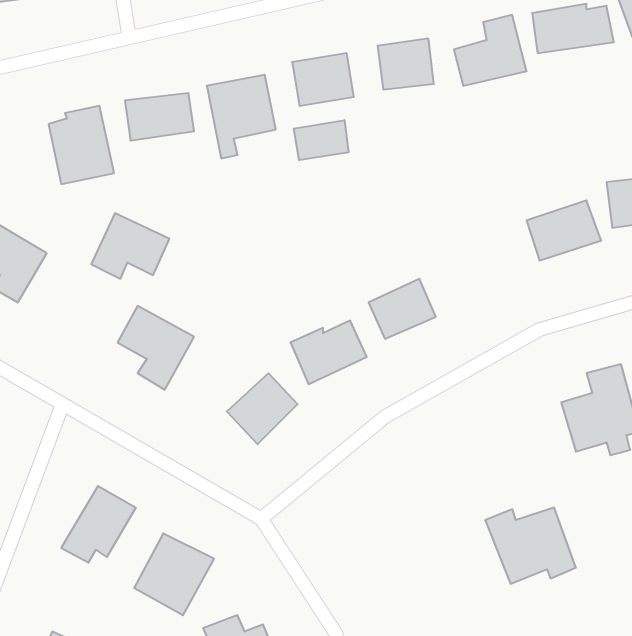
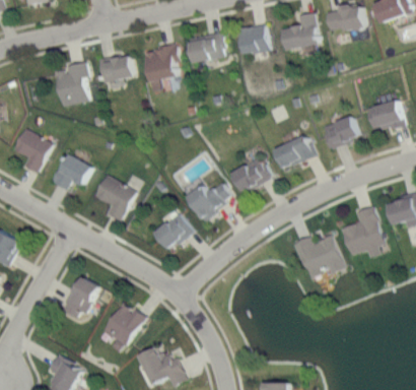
building: [294,120,349,160] -> none
building: [91,213,169,279] -> [50,151,93,188]
building: none -> [274,135,316,169]
building: [485,507,576,584] -> [293,235,344,277]

